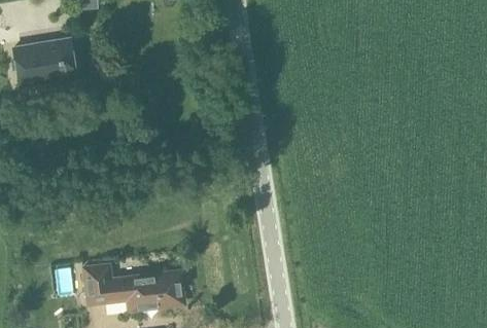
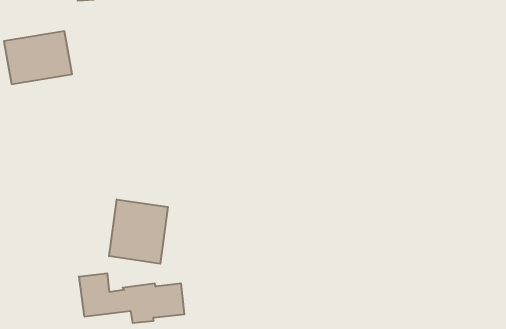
building: none -> [109,199,168,264]

